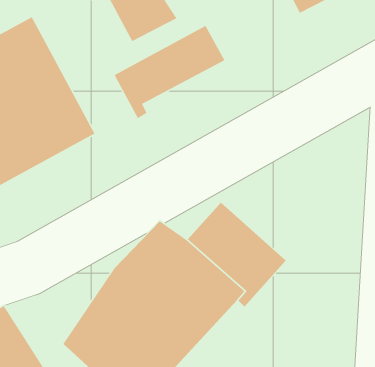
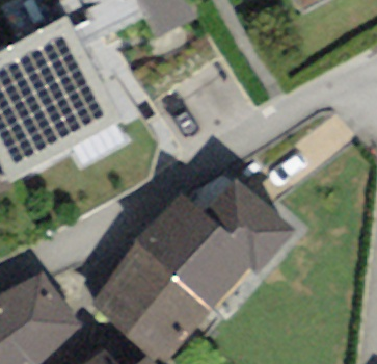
building: [113,25,225,119] -> none

